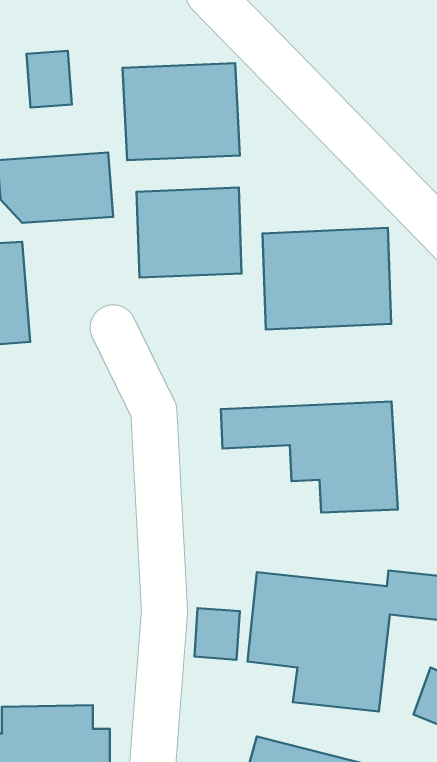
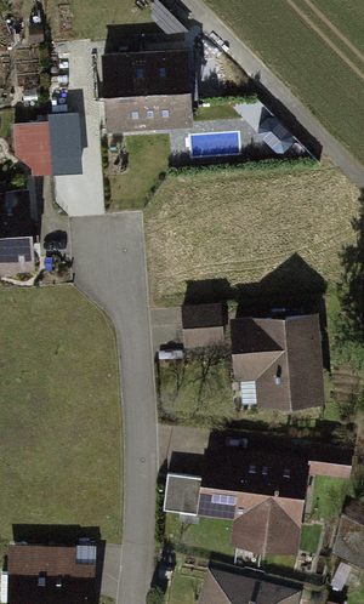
building: [26,51,72,107] -> none
building: [137,188,242,278] -> none
building: [263,228,391,330] -> none

